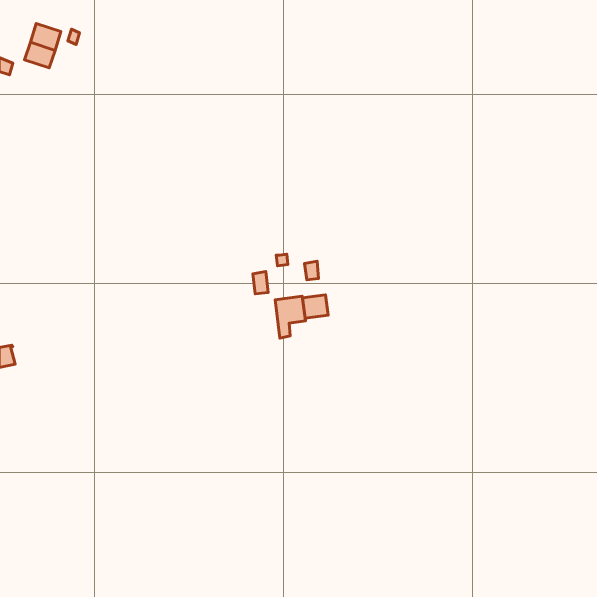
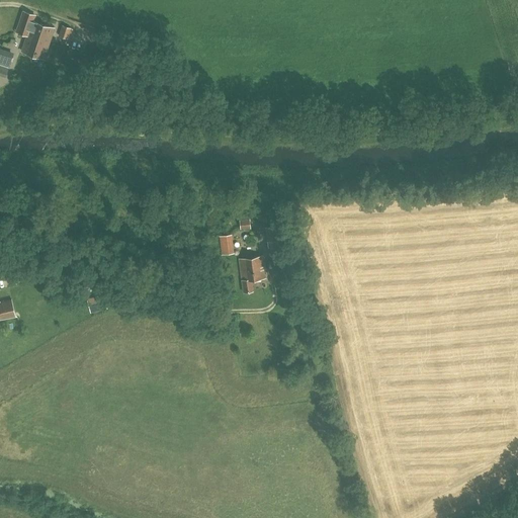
building: [303,295,328,318] -> none

